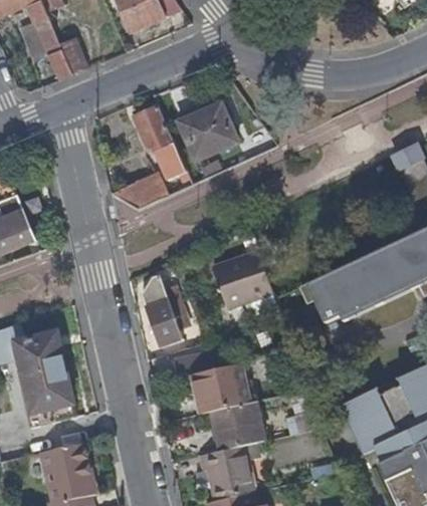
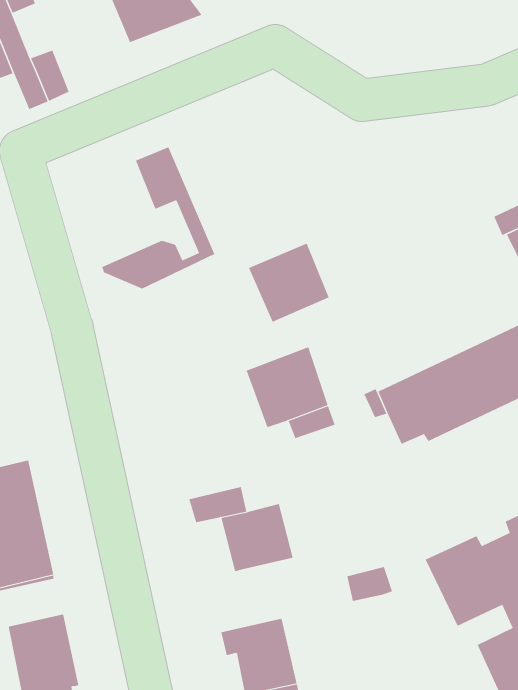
building: [178,103,236,161] -> [248,243,329,323]
building: [141,274,187,345] -> none
building: [212,402,263,450] -> none

